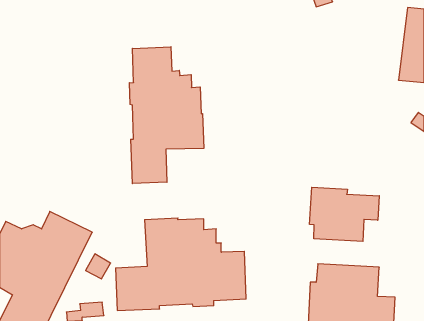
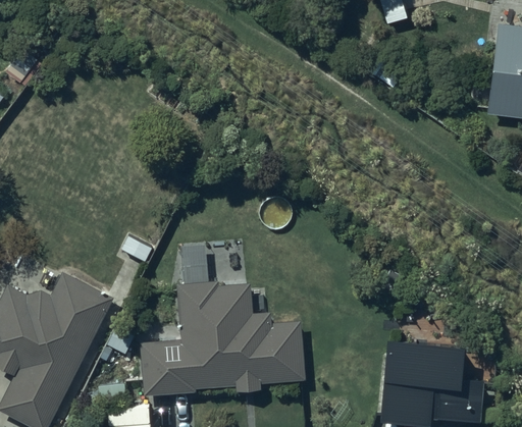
building: [129,47,204,184] -> none
building: [310,187,379,241] -> none

